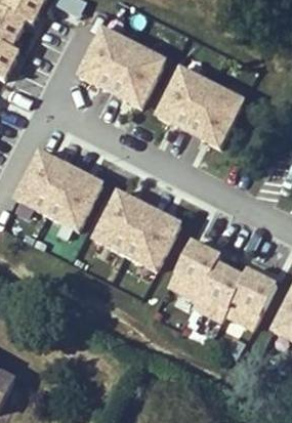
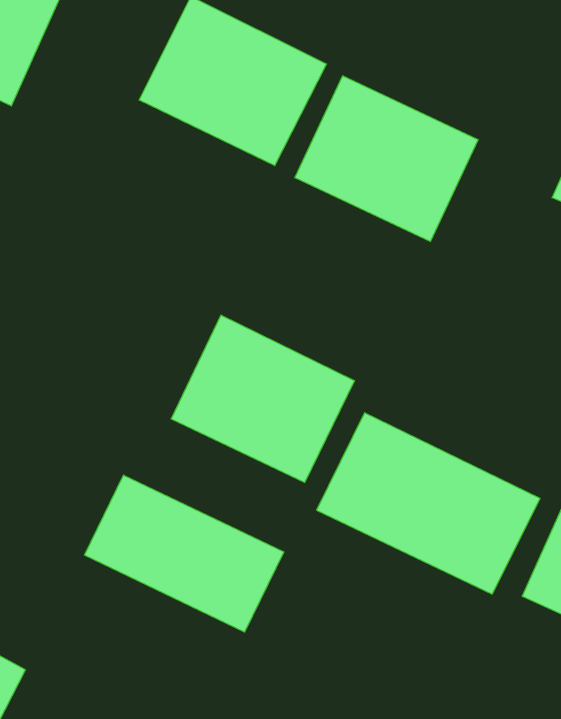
building: [11,147,107,235] -> none
building: none -> [84,475,284,632]

